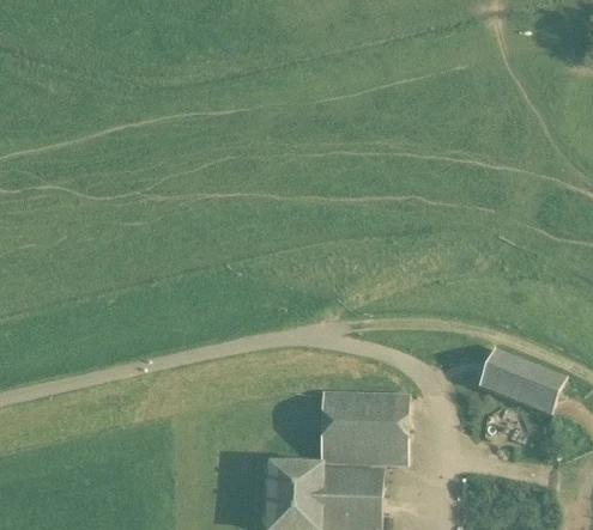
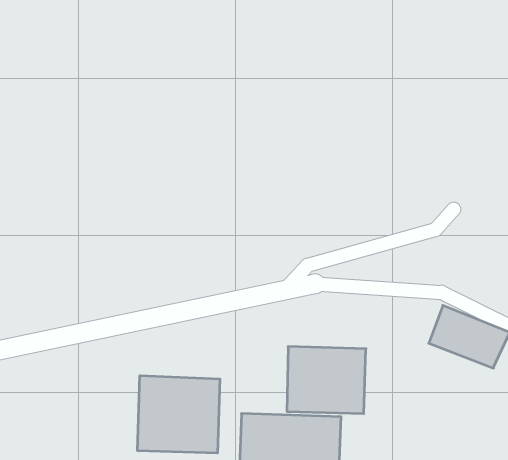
building: none -> [138,376,220,453]

